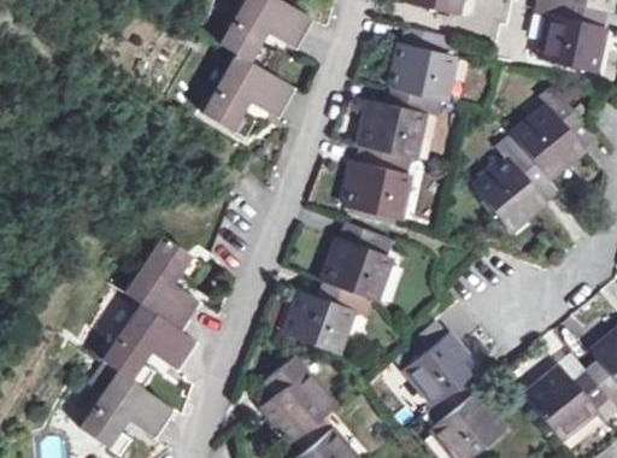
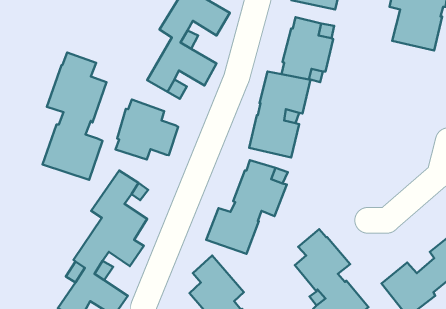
building: none -> [42,53,107,180]
building: [475,96,599,231] -> none
building: none -> [116,99,178,160]

